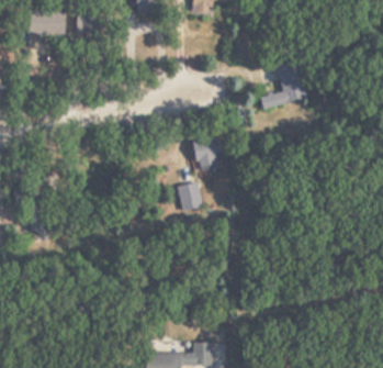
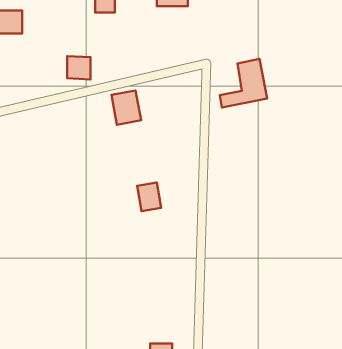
building: [75,12,98,35] -> [67,56,90,79]
building: [191,137,221,171] -> [111,91,141,125]

